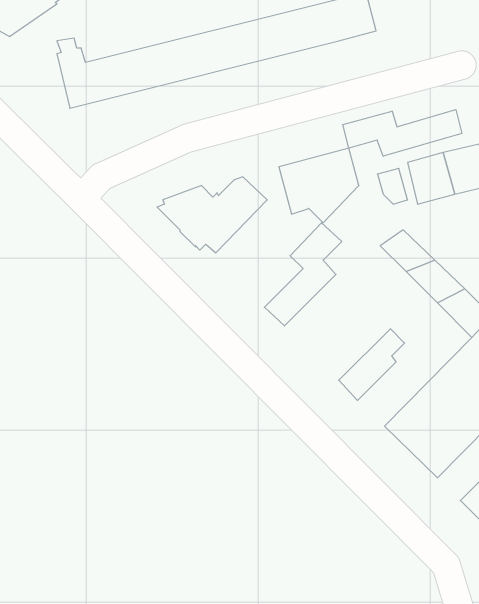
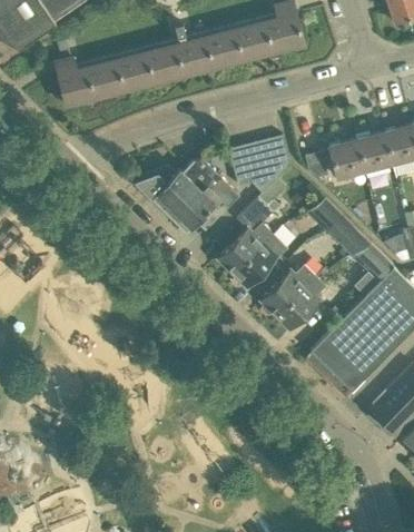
building: [343,110,462,156] -> none
building: none -> [176,175,240,230]
building: none -> [233,233,294,288]
building: none -> [259,264,315,315]

